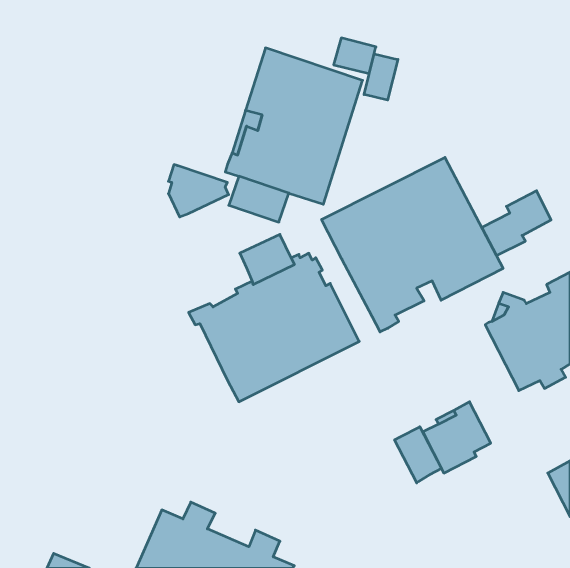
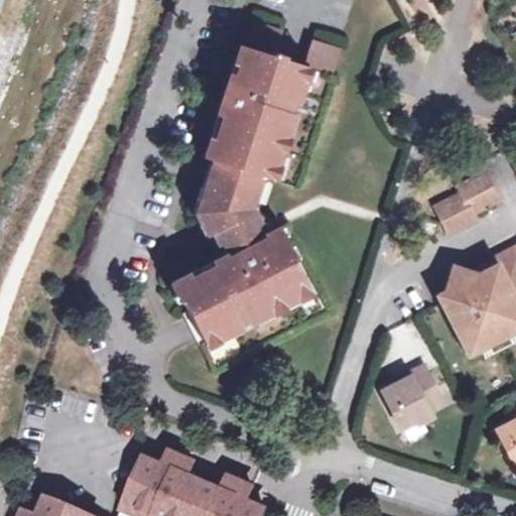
building: [364,54,398,100] -> none
building: [322,157,503,332] -> none
building: [168,165,229,217] -> [199,184,253,232]
building: [395,427,442,483] -> none

